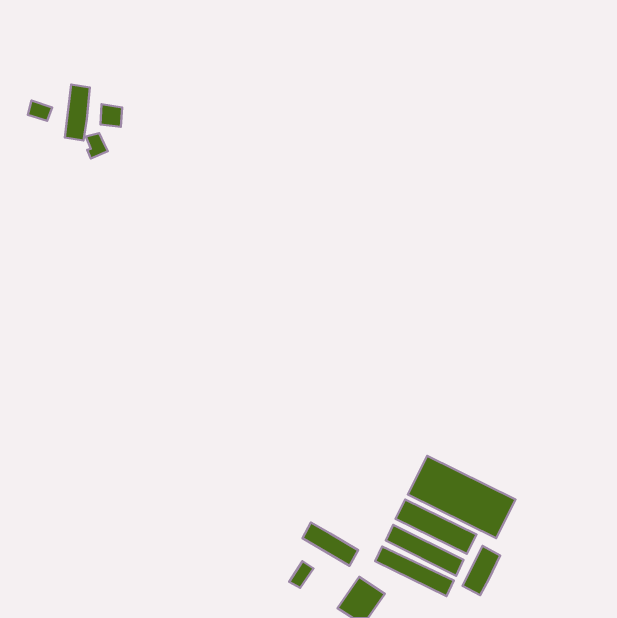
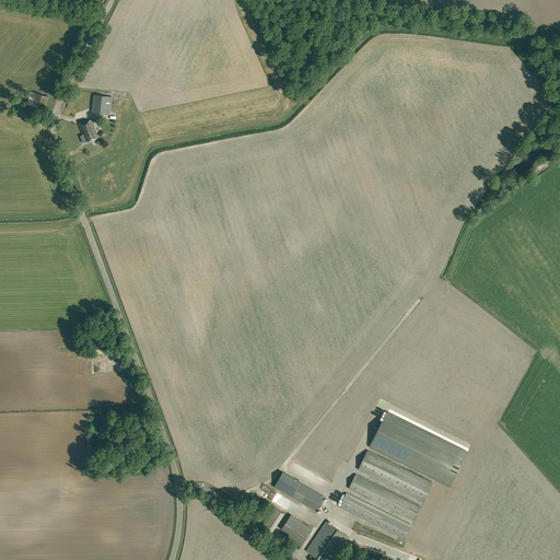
building: [65,85,90,141] -> none
building: [462,546,500,595] -> none
building: none -> [281,515,312,547]

